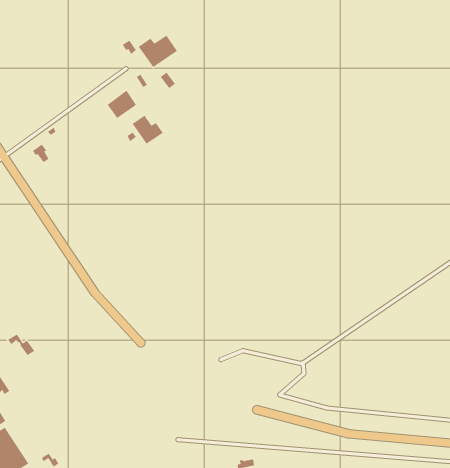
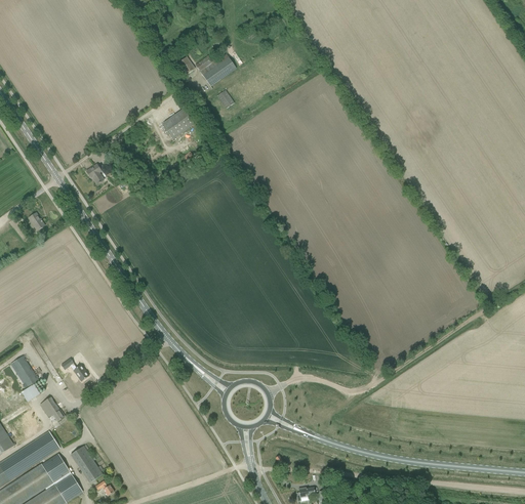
building: [132,115,164,145] -> none
building: none -> [70,445,102,484]

